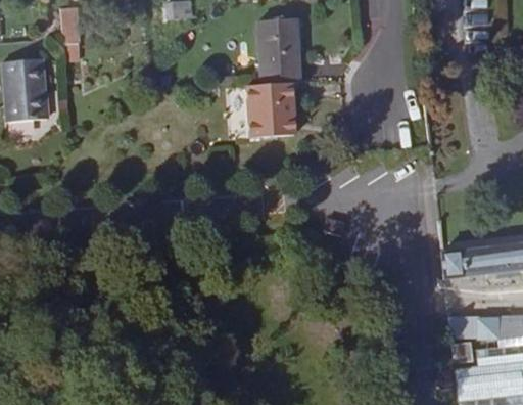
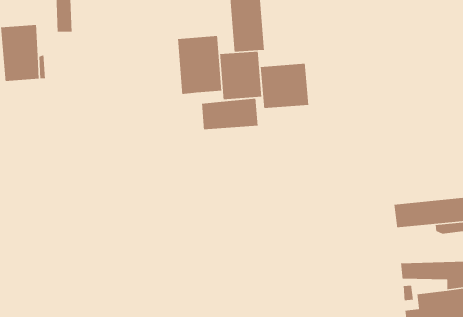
building: none -> [177,35,222,95]
building: none -> [260,63,309,109]
building: none -> [201,98,258,130]

